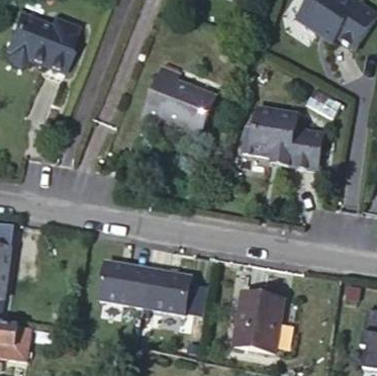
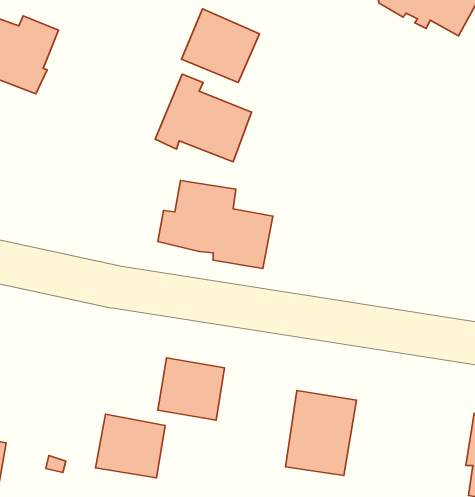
building: none -> [182,9,259,82]
building: [234,108,316,171] -> [158,181,273,269]
building: [101,260,151,305] -> [96,414,165,478]

